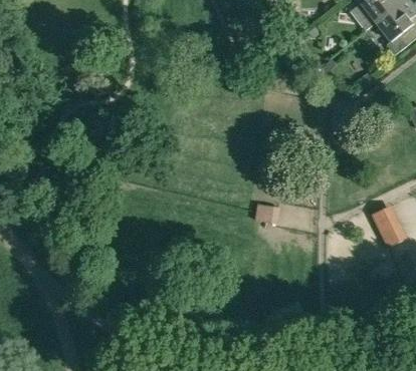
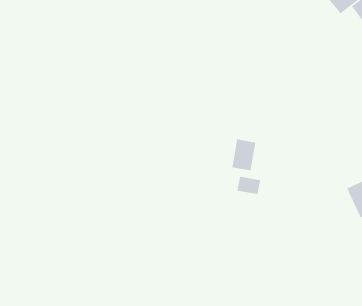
building: none -> [232,139,256,171]

